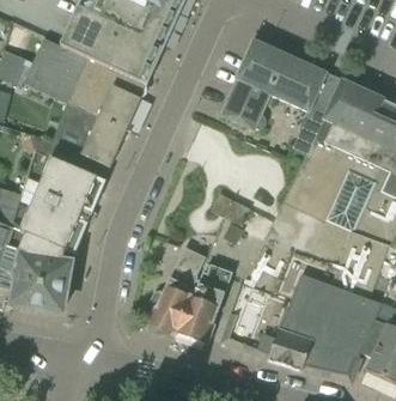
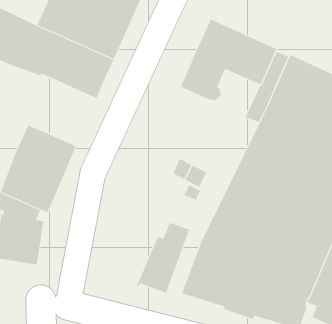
building: [51,99,128,178] -> none
building: [148,249,205,335] -> none

